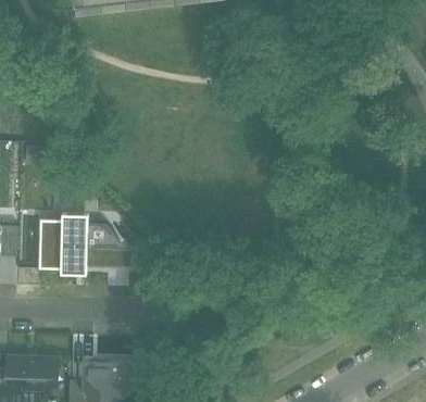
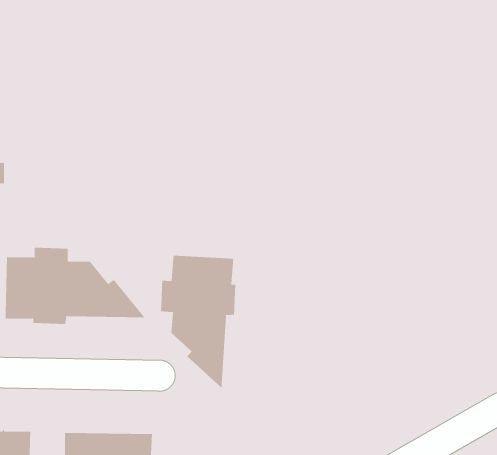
building: none -> [160,255,236,389]

